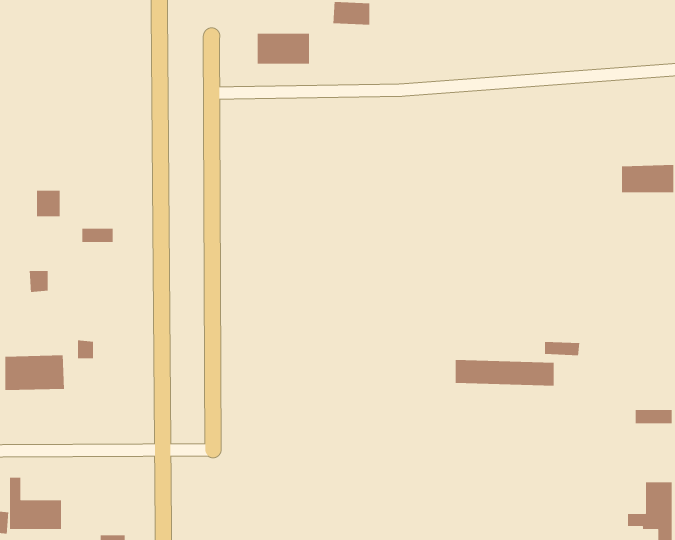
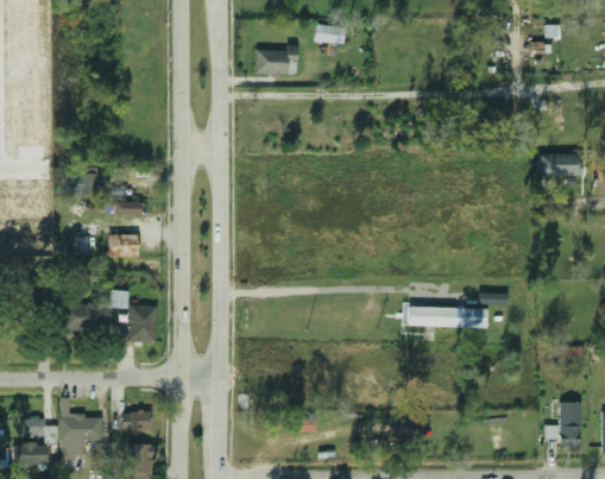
building: none -> [108,235,138,257]
building: none -> [128,307,156,342]
building: none -> [121,412,151,430]

